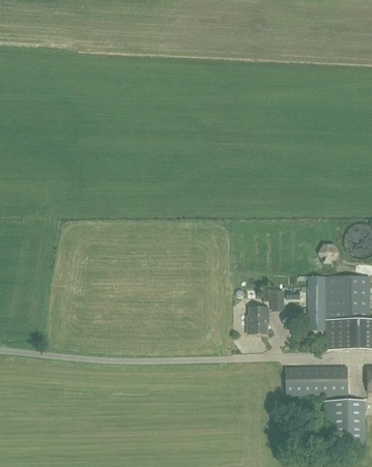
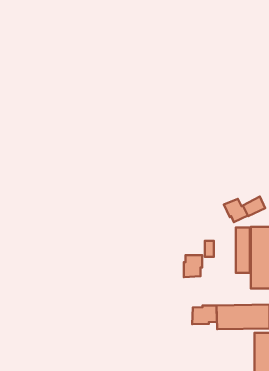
building: none -> [224,199,248,222]
building: none -> [192,305,217,324]

